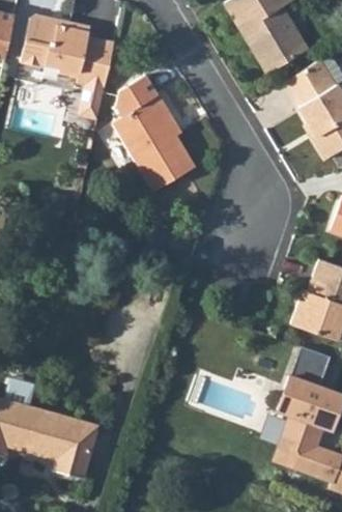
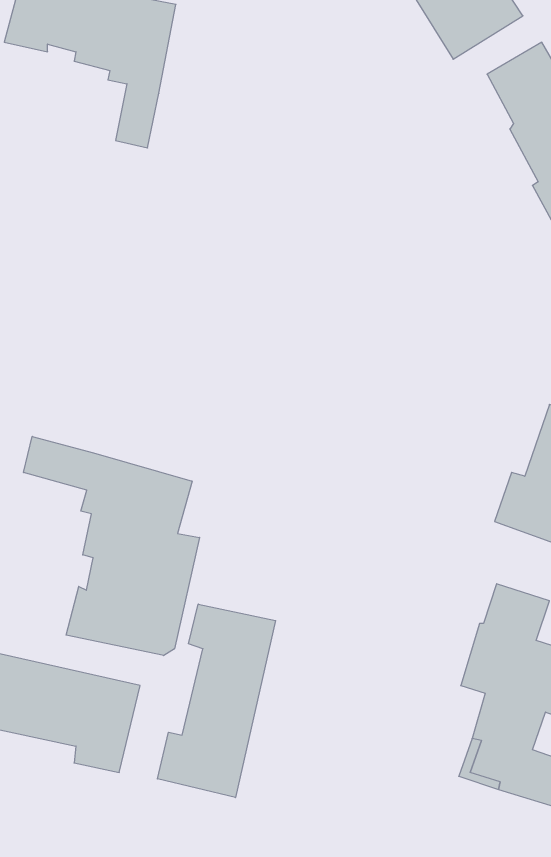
building: [115,78,199,195] -> none
building: none -> [24,436,200,656]
building: none -> [157,604,276,798]

